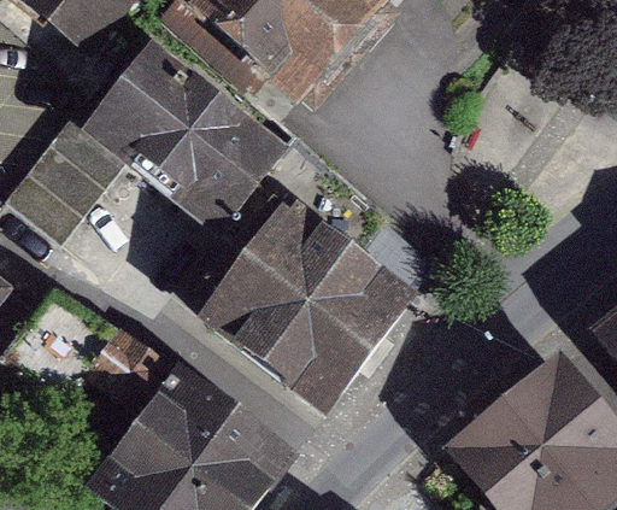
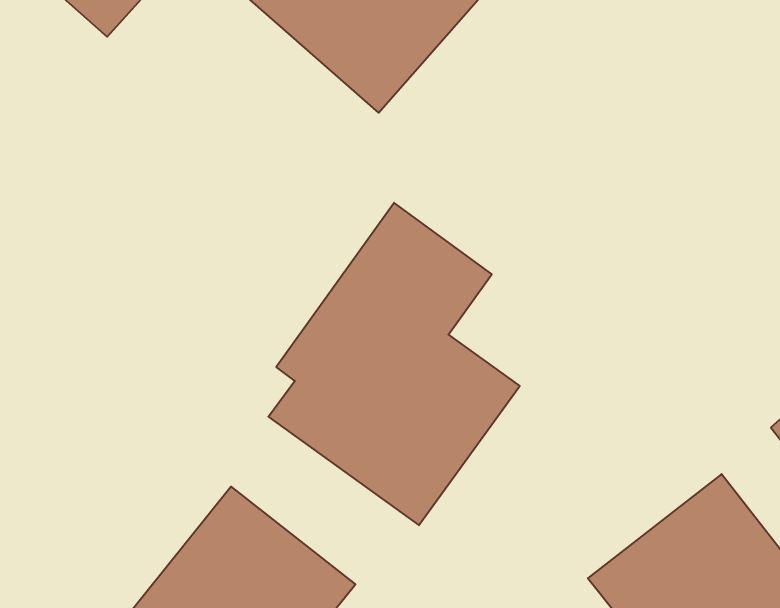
building: [101,58,280,228] -> none
building: [7,119,131,248] -> none

